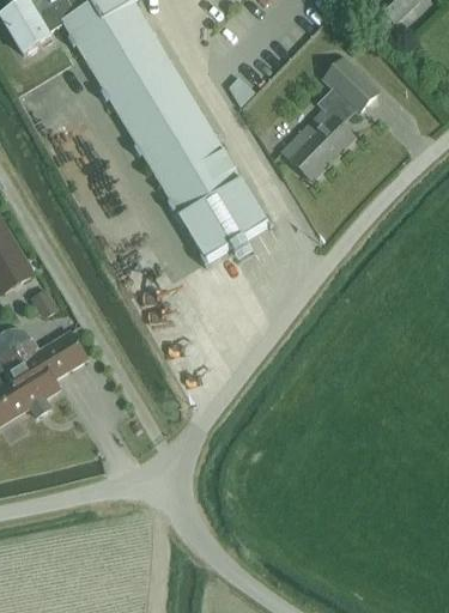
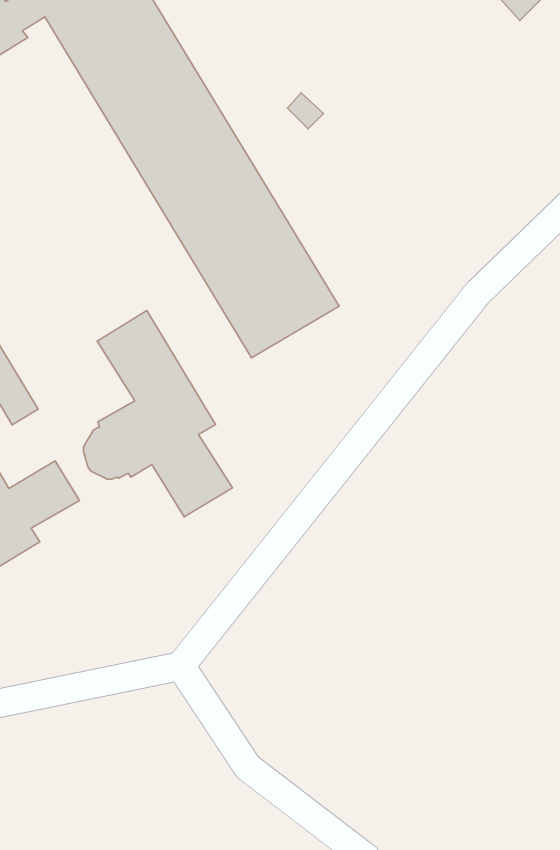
building: [281,56,377,178] -> none
building: none -> [83,310,233,517]

